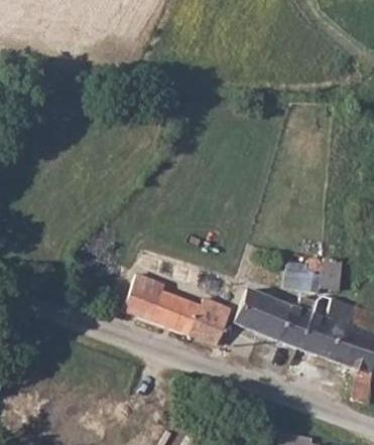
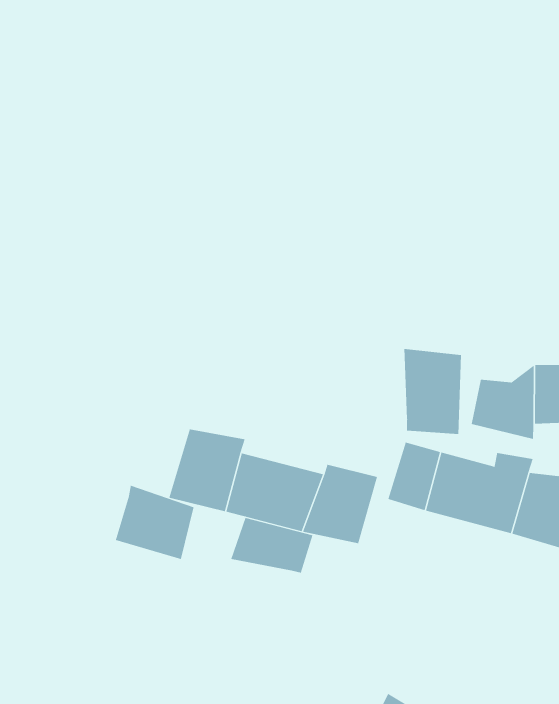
building: none -> [404,348,462,435]
building: none -> [115,485,194,560]
building: none -> [230,517,313,574]

